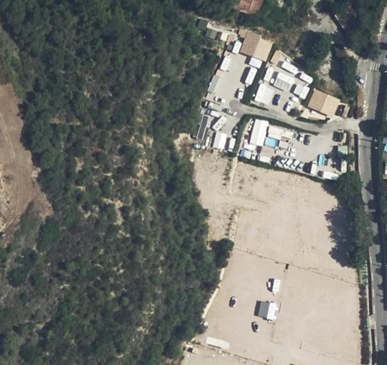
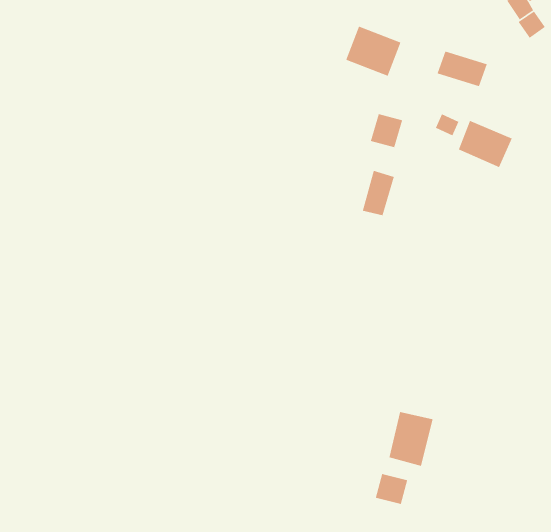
building: [264,67,295,89] -> [436,51,488,87]
building: none -> [389,411,433,467]

